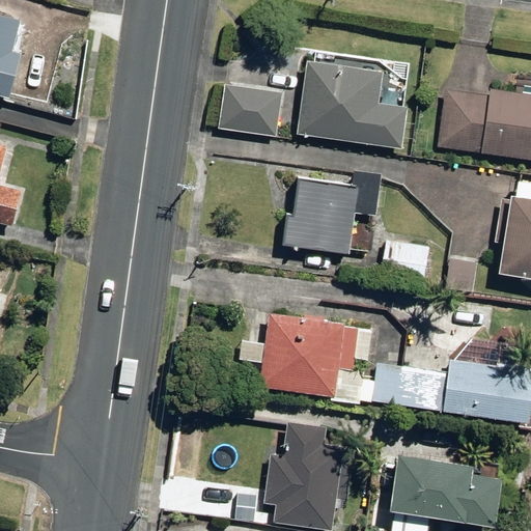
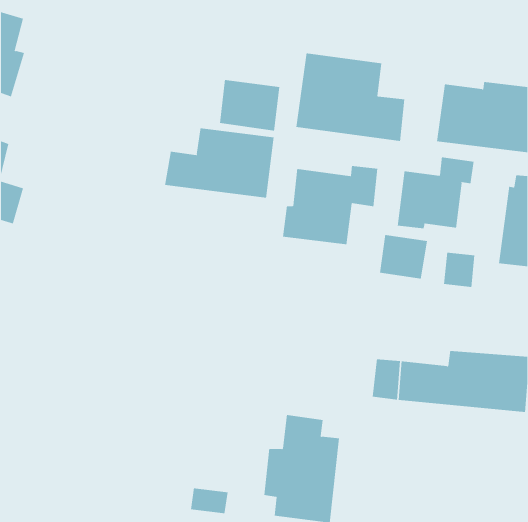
building: none -> [164,127,274,198]
building: none -> [397,156,474,229]
building: [259,312,343,397] -> none
building: [392,451,500,519] -> none

